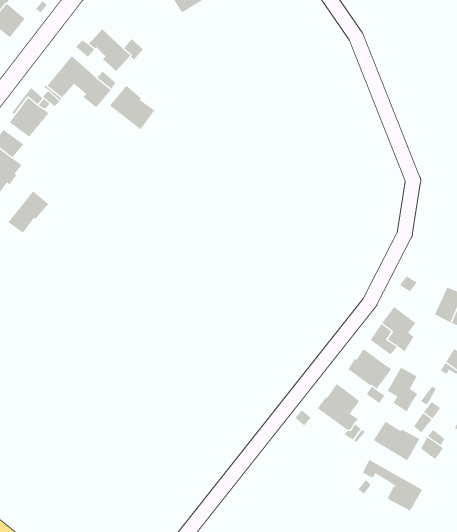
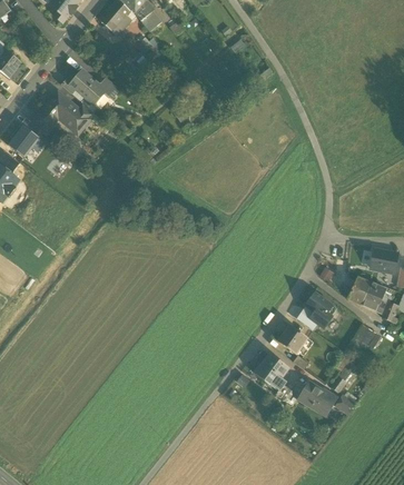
building: [109,85,155,130] -> none
building: [7,190,49,234] -> none
building: [387,367,418,412] -> none
building: [362,459,423,512] -> none

